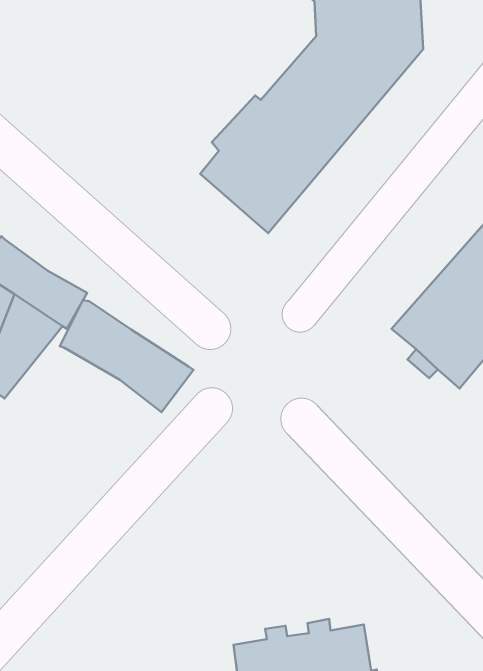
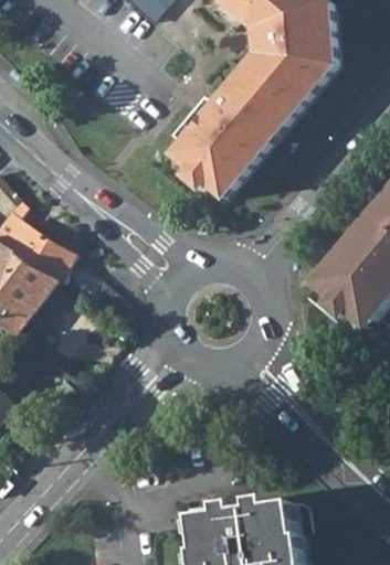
building: [60,300,194,412] -> none

